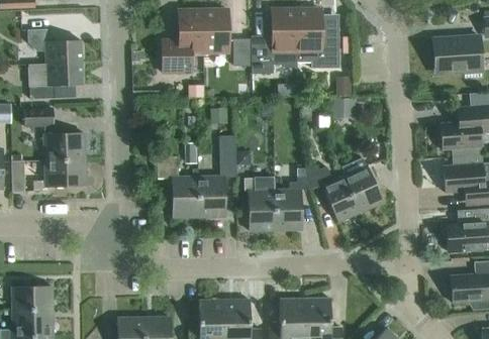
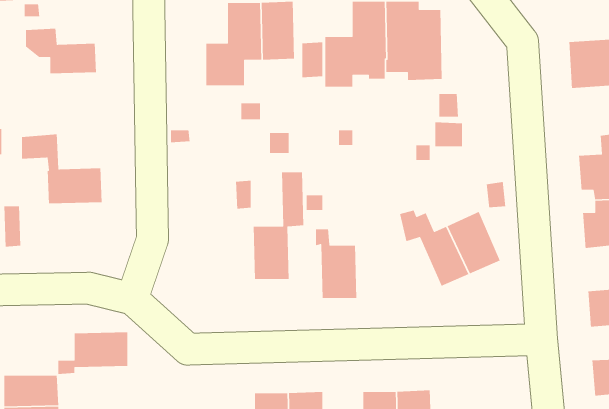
building: [29,62,83,98] -> none
building: [158,155,199,217] -> none
building: [33,158,86,191] -> [58,331,128,375]
building: [275,166,312,230] -> none

